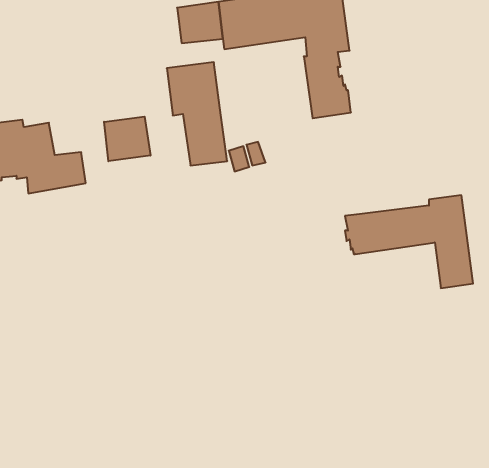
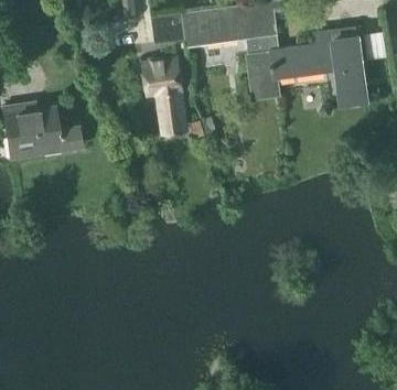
building: [104,117,150,161] -> none
building: [345,195,473,288] -> [270,34,366,104]

